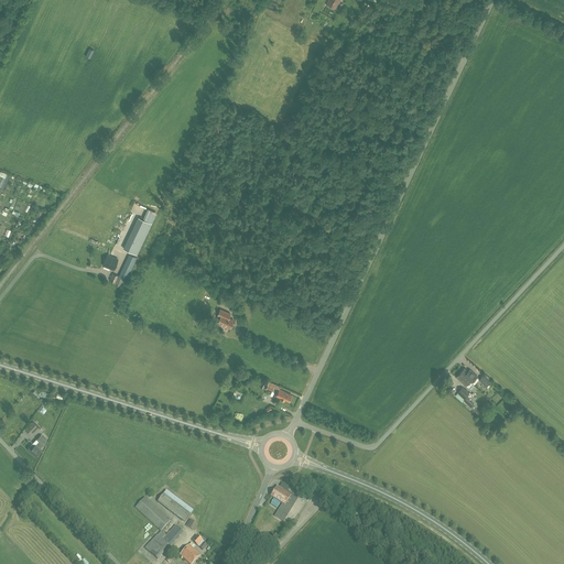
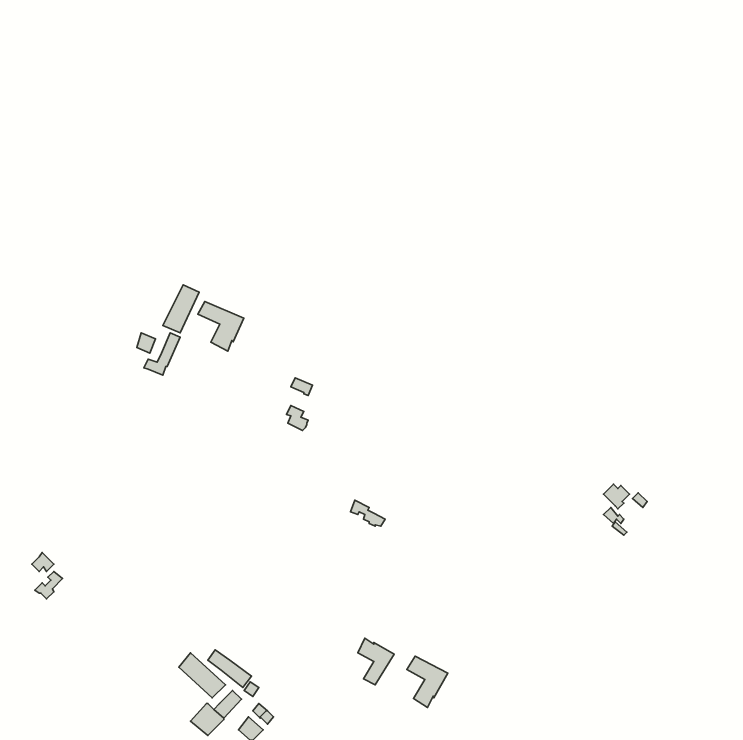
building: none -> [198,301,244,351]
building: none -> [407,656,448,708]

